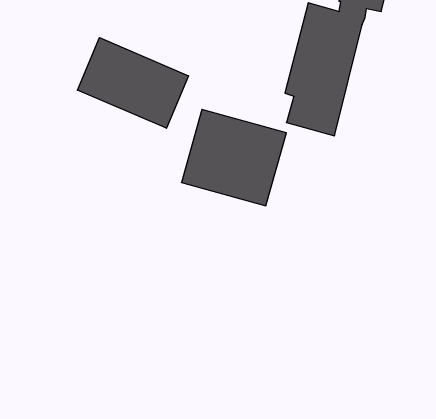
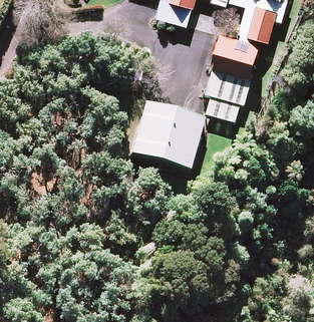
building: [77,38,188,128] -> none

